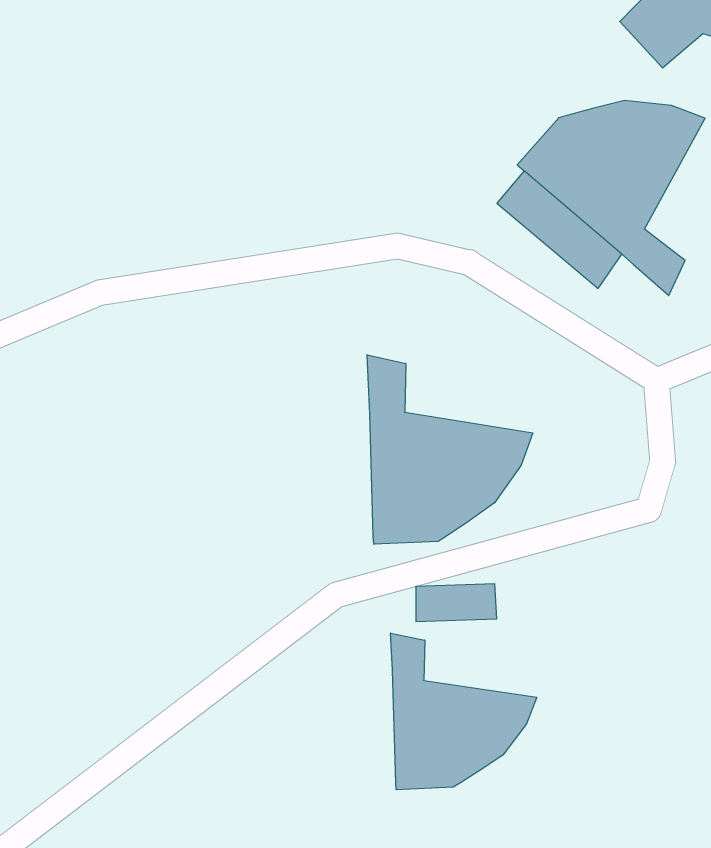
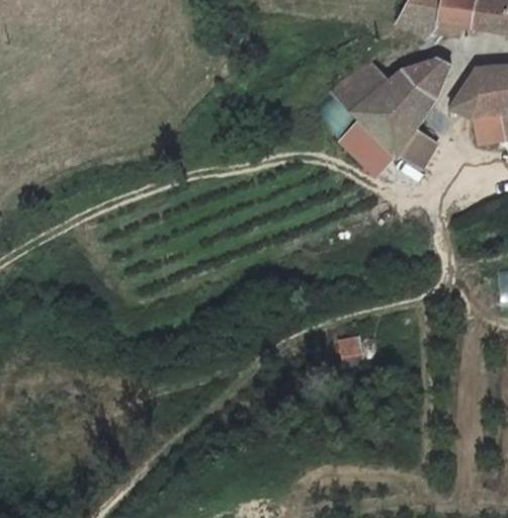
building: [367,355,533,544] -> none
building: [391,633,537,790] -> none

